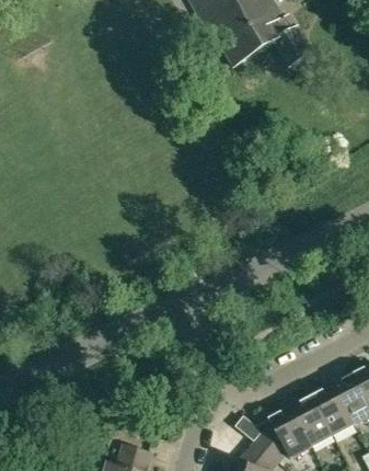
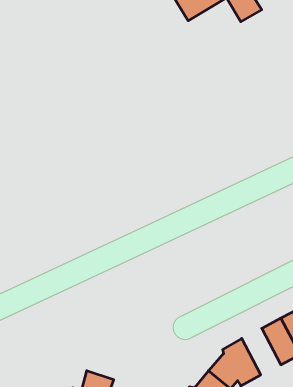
building: [290,395,333,446] -> none

